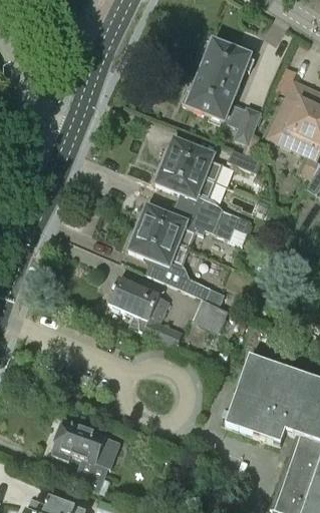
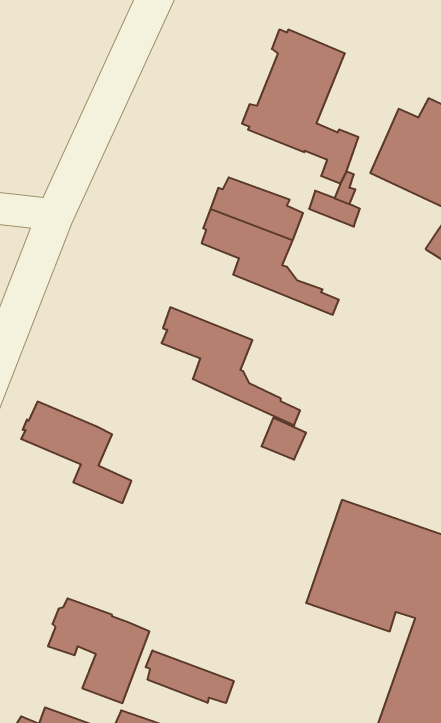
building: [133,202,244,246] -> none
building: [107,277,182,345] -> [21,402,131,503]
building: none -> [146,650,234,703]

